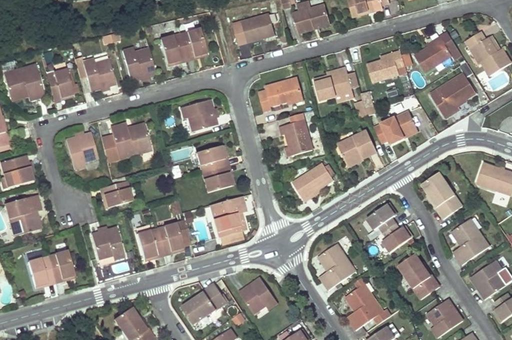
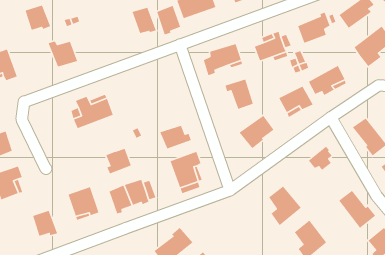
building: [160,32,187,66] -> [156,5,181,35]
building: [124,49,156,80] -> none
building: [47,69,76,98] -> [24,4,51,31]
building: [180,99,217,133] -> none
building: [66,133,98,169] -> none
building: [196,144,228,171] -> none
building: [103,181,132,210] -> [105,148,132,175]
building: [381,222,412,251] -> none
building: [28,255,55,289] -> none
building: [242,278,277,311] -> none

